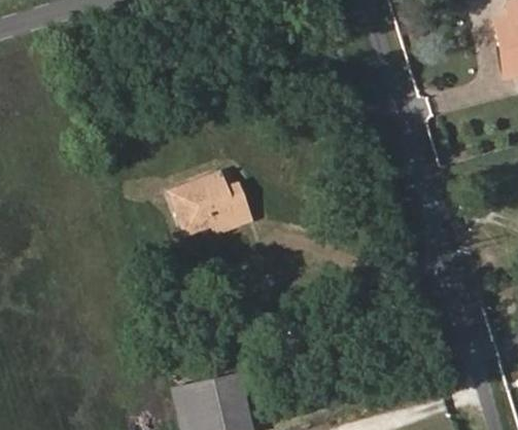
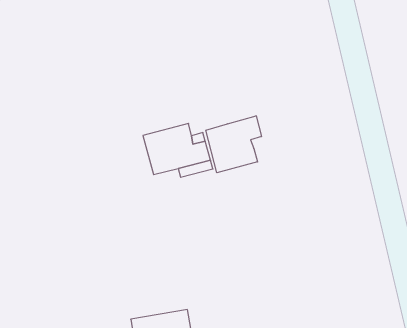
building: none -> [206,116,261,173]

